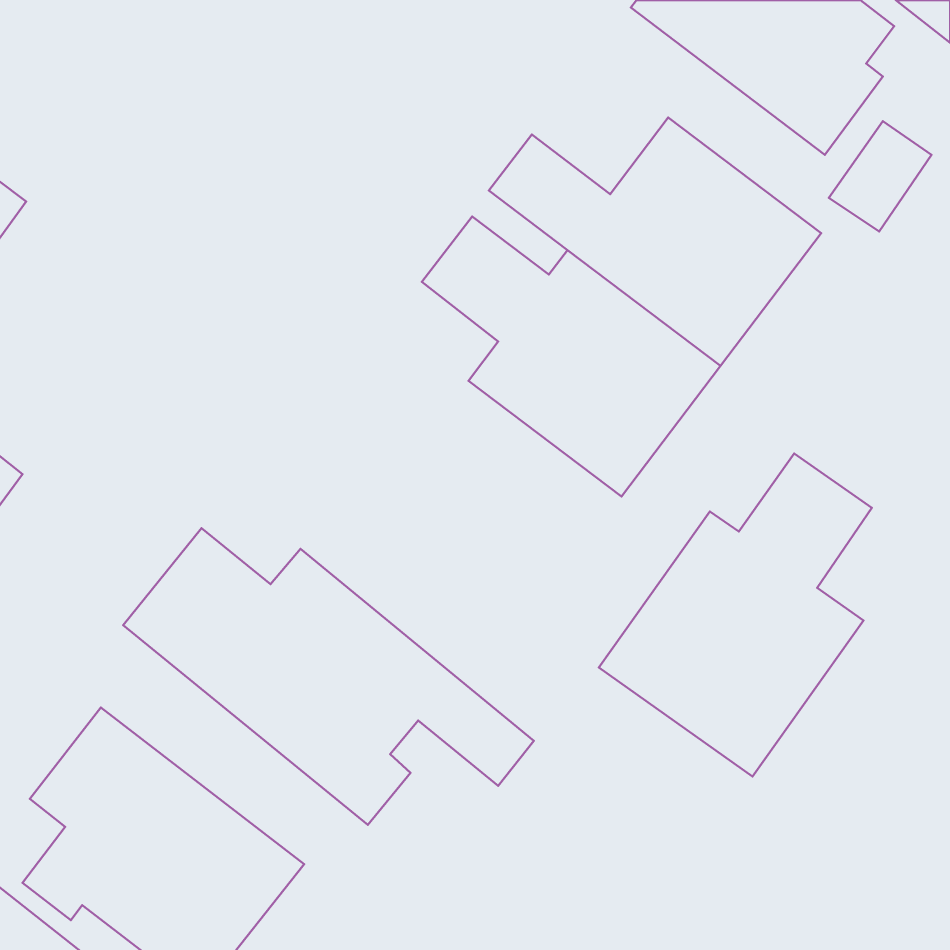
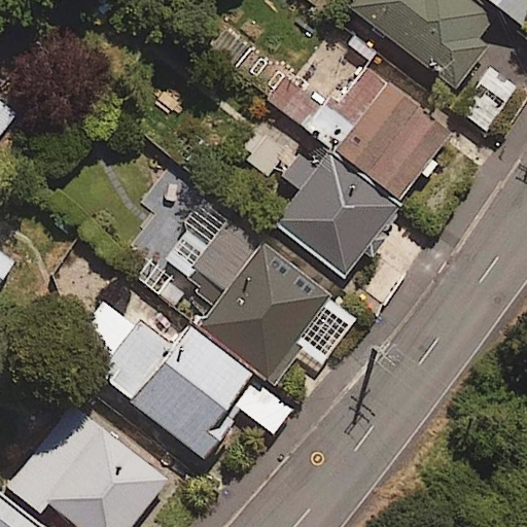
building: none -> [163,205,355,379]
building: [599,454,872,777] -> none

